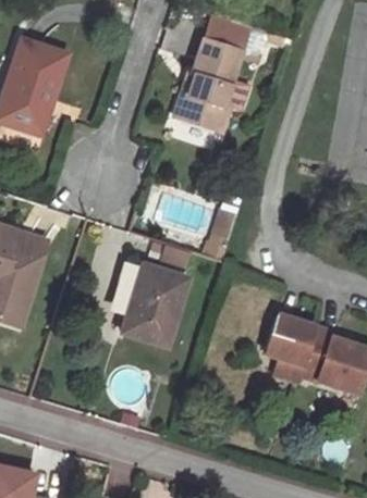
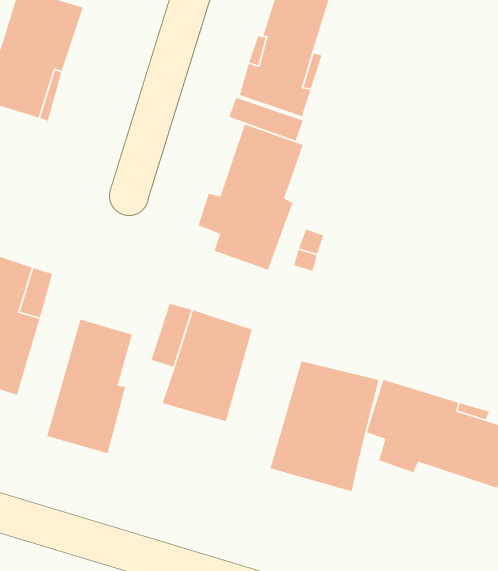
building: none -> [198,123,304,271]
building: none -> [46,319,133,454]
building: none -> [270,360,379,492]

